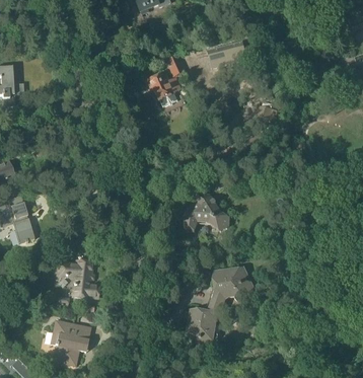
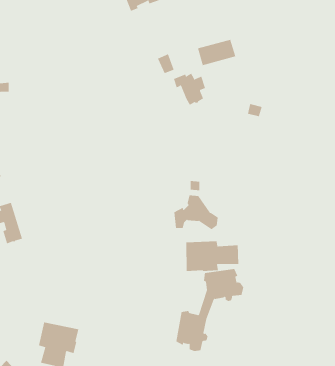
building: [148,73,180,105] -> [173,73,206,106]
building: none -> [186,241,239,272]
building: [58,260,99,296] -> none

